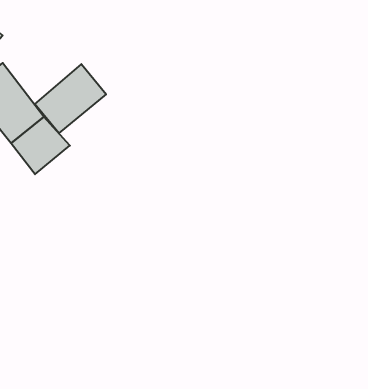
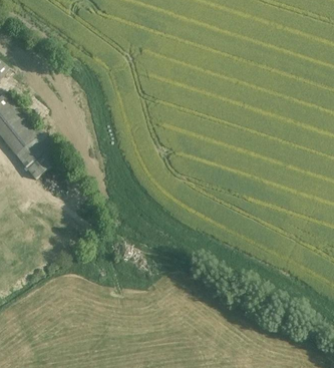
building: [35,64,106,133] -> none

